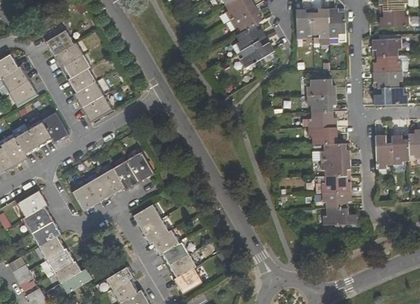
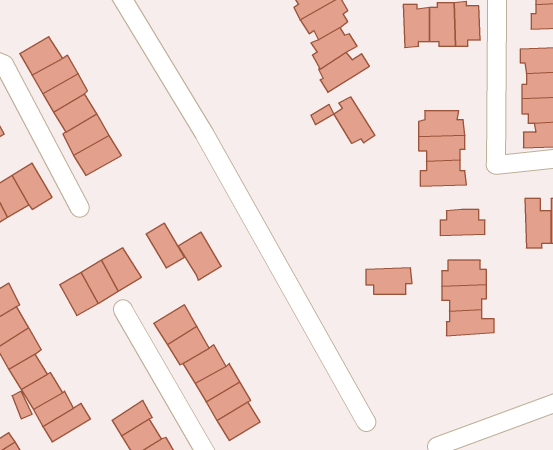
building: none -> [334,97,375,143]
building: [306,127,336,144] -> none
building: [113,159,141,190] -> [178,232,221,280]
building: [319,159,349,176] -> [366,268,412,294]

